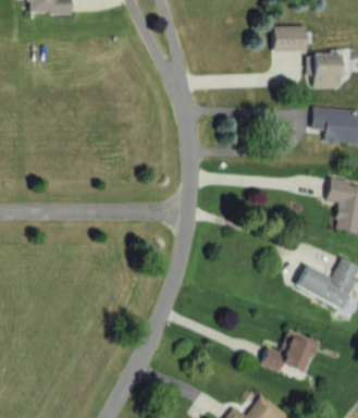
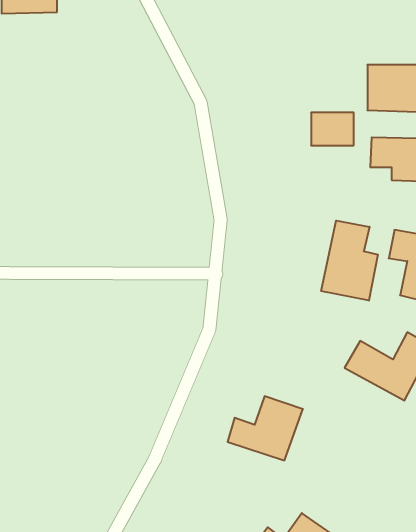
building: [273,26,306,51] -> [311,113,354,145]
building: none -> [321,221,378,301]
building: [261,330,319,379] -> [228,396,303,460]

